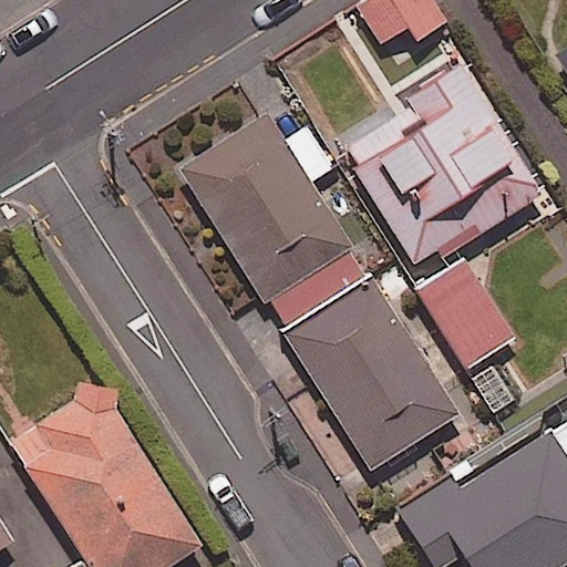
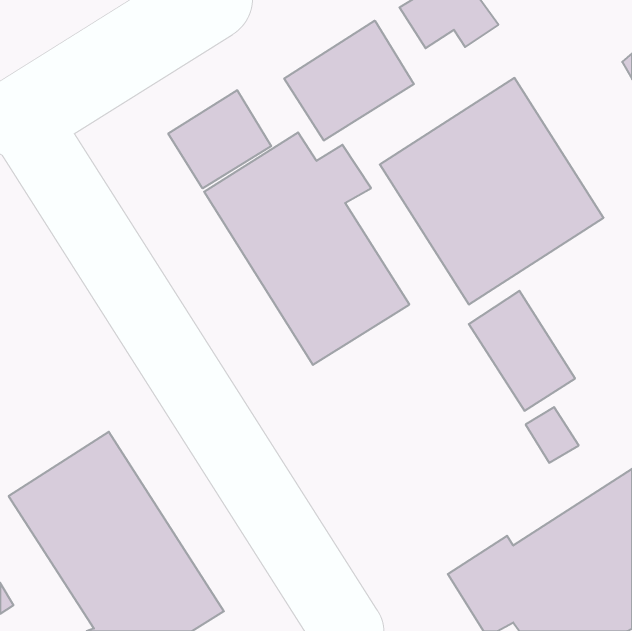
building: none -> [284,21,414,141]
building: none -> [168,90,271,188]
building: [287,279,458,468] -> none

